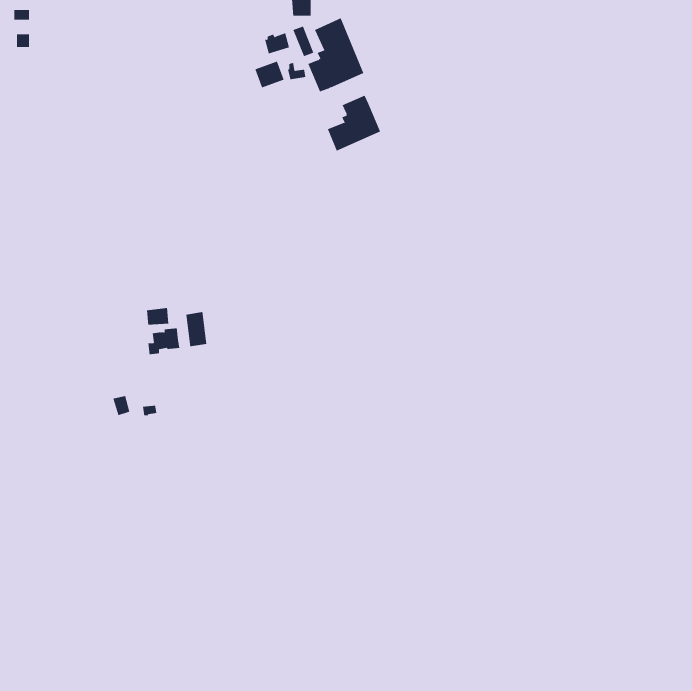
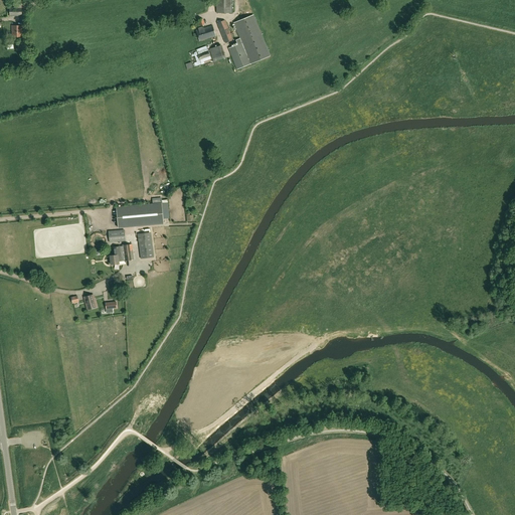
building: [327,95,381,152] -> none
building: none -> [117,202,163,227]

